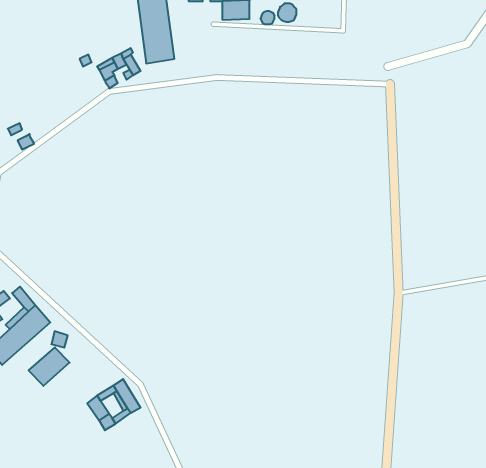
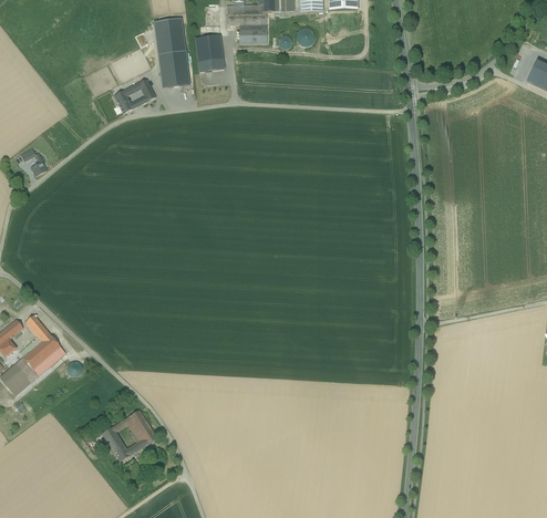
building: none -> [195,35,224,72]
building: [29,347,70,386] -> none

